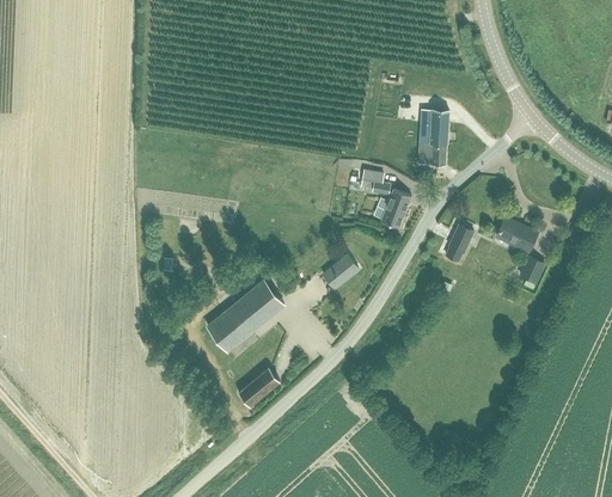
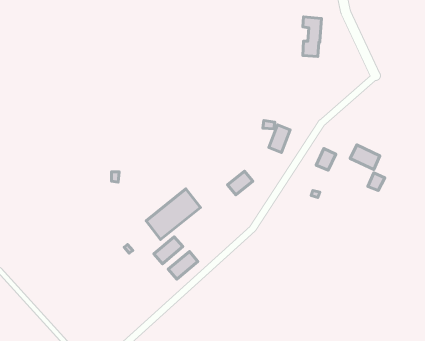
building: [422,109,448,165] -> [303,17,321,56]
building: none -> [154,237,183,264]

